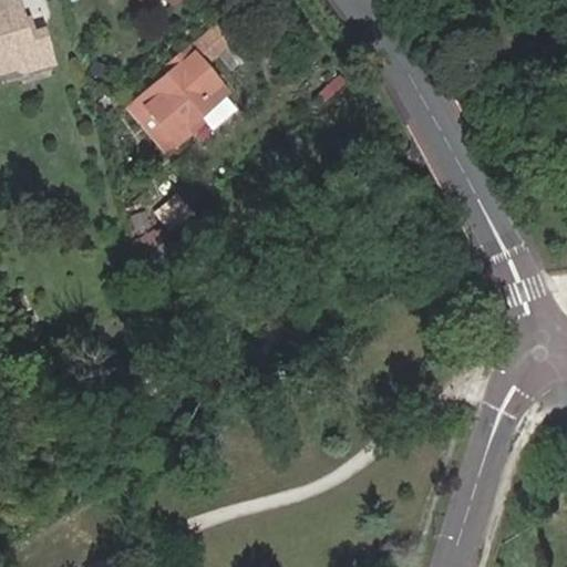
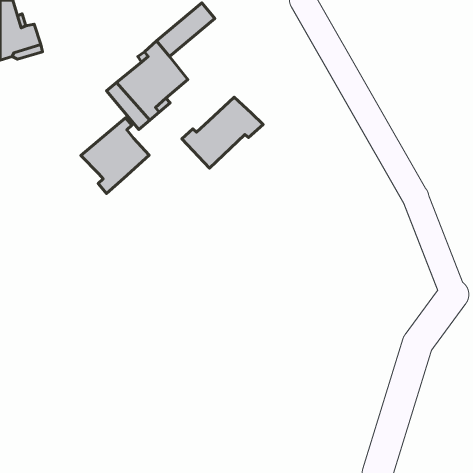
building: none -> [182,97,263,168]
building: none -> [81,118,149,194]

